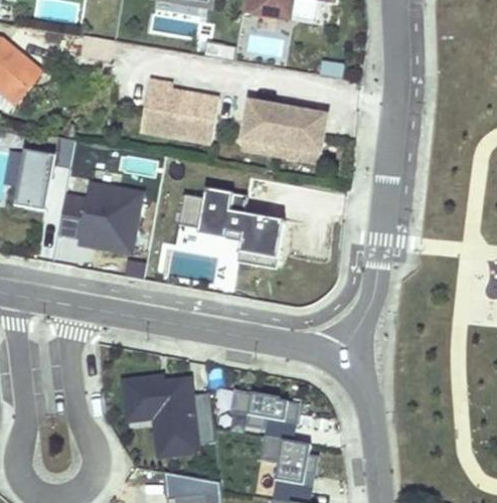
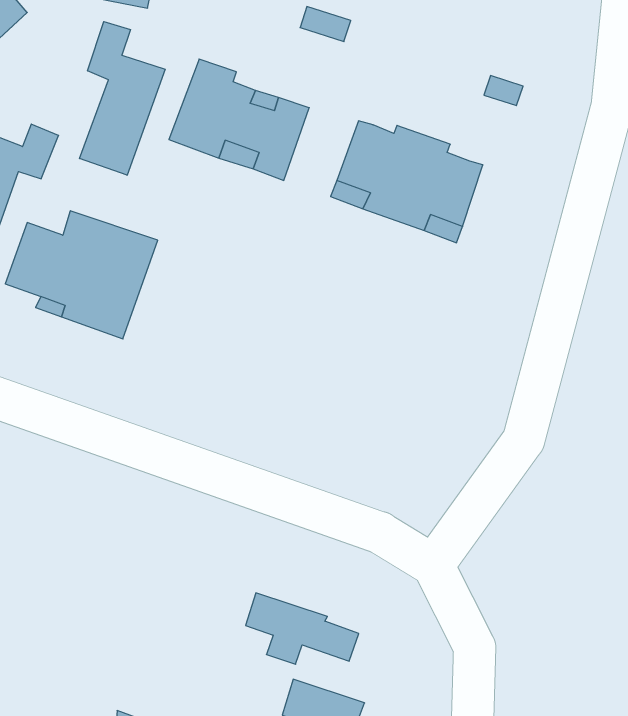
building: none -> [80,22,165,175]
building: [181,188,282,268] -> none
building: [122,376,213,455] -> none

